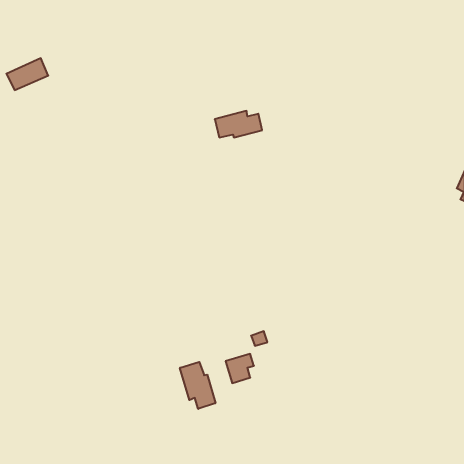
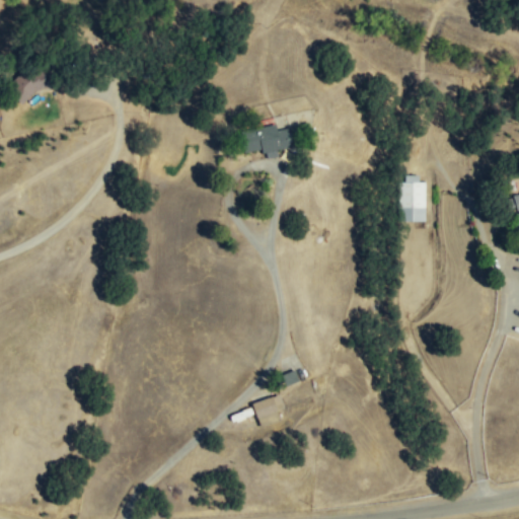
building: none -> [400,175,426,222]
building: [180,362,215,409] -> none

